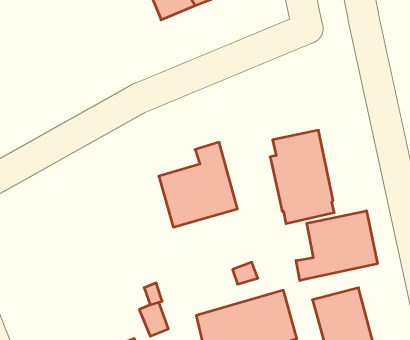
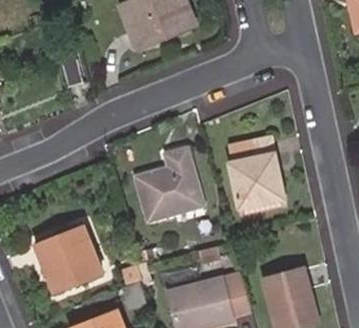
building: [296,211,377,281] -> none
building: none -> [34,227,101,292]

